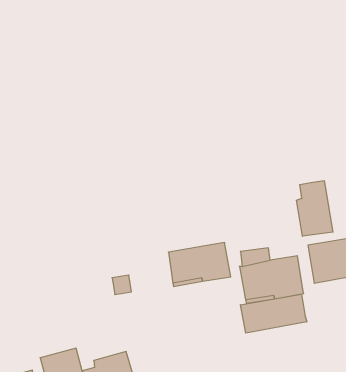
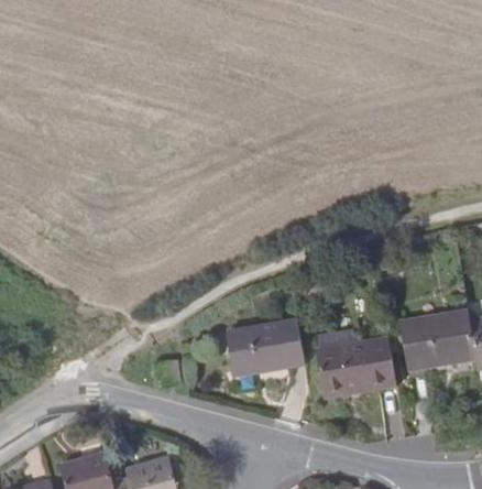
building: [296,181,333,236] -> none
building: [240,294,307,333] -> none

